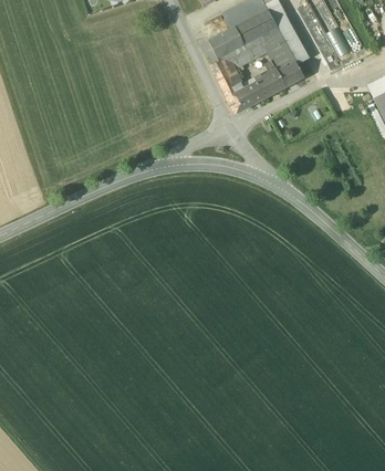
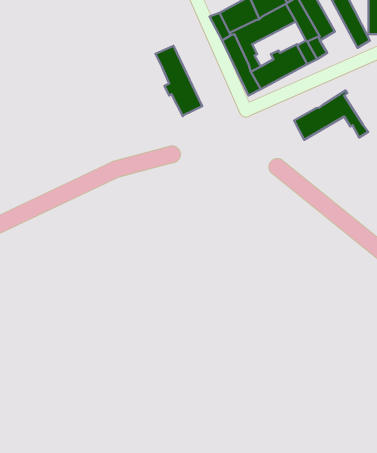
building: none -> [155,46,202,116]
building: none -> [294,90,368,140]

